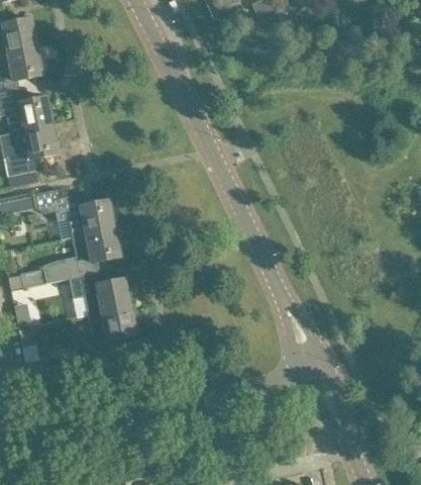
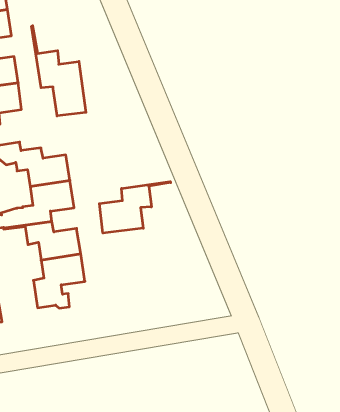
building: none -> [32,26,86,116]
building: none -> [99,182,171,233]

